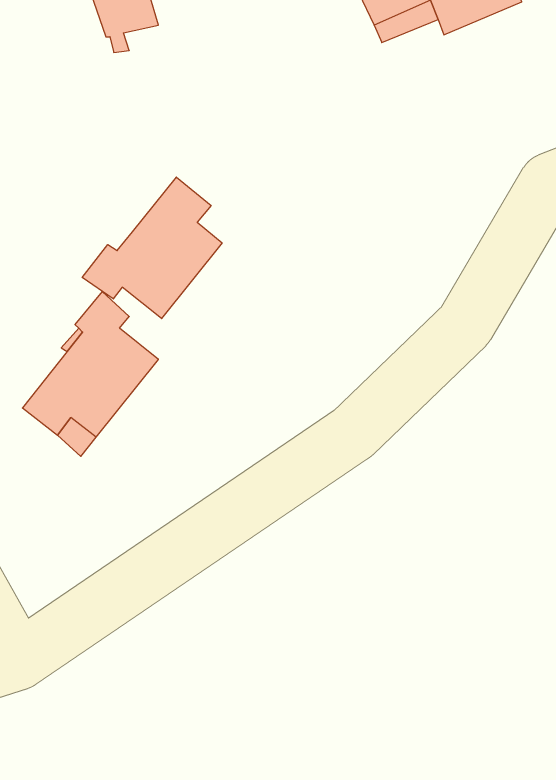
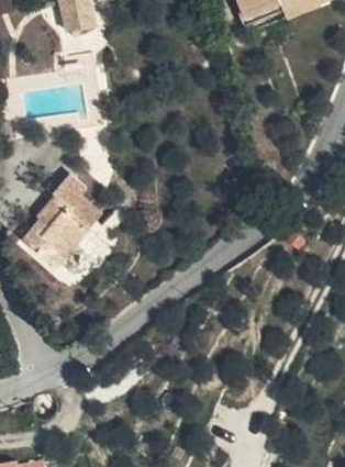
building: [82,177,222,319] -> none

